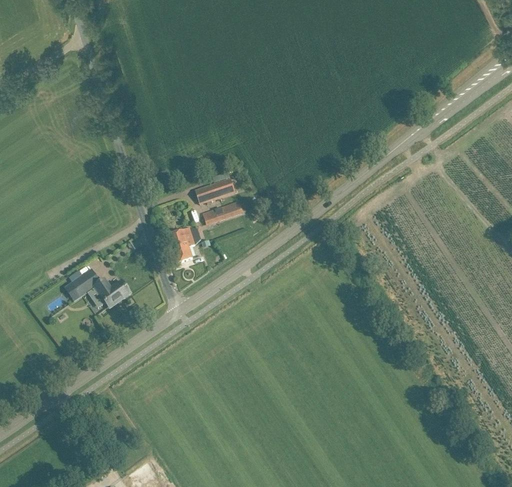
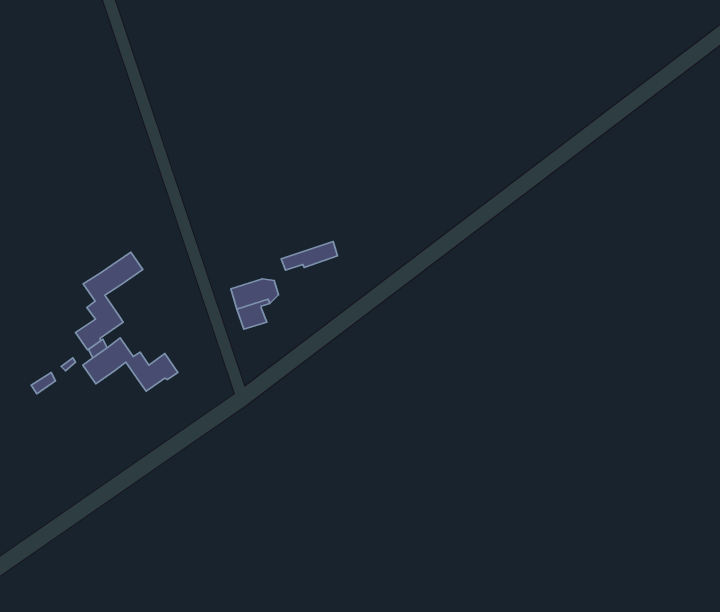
building: [205,179,235,201] -> none
building: none -> [75,252,143,350]

